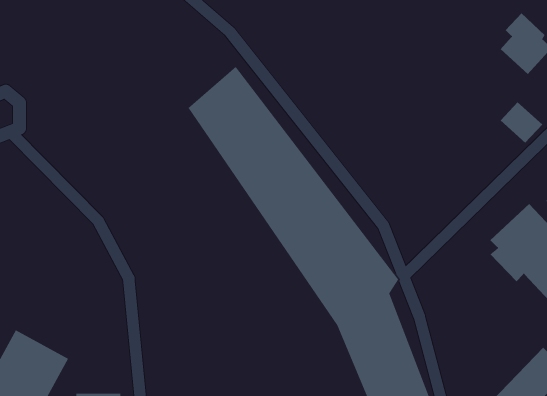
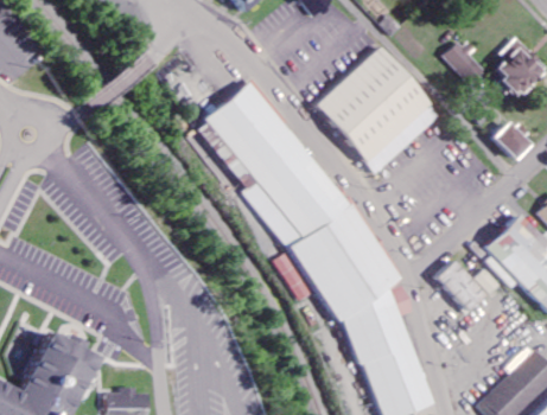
building: none -> [444,36,483,81]
building: none -> [317,51,440,174]
building: none -> [437,257,500,311]

